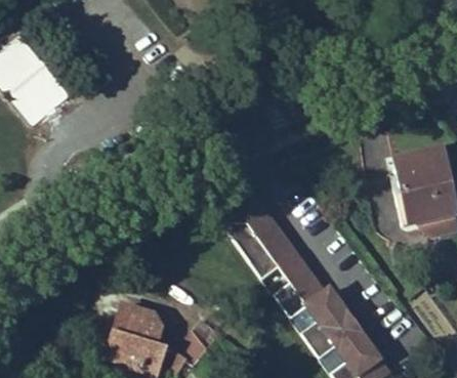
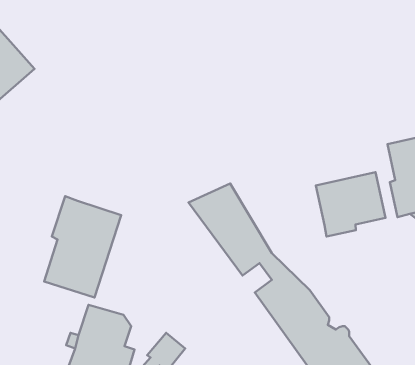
building: none -> [316,172,386,236]
building: none -> [44,196,121,298]

